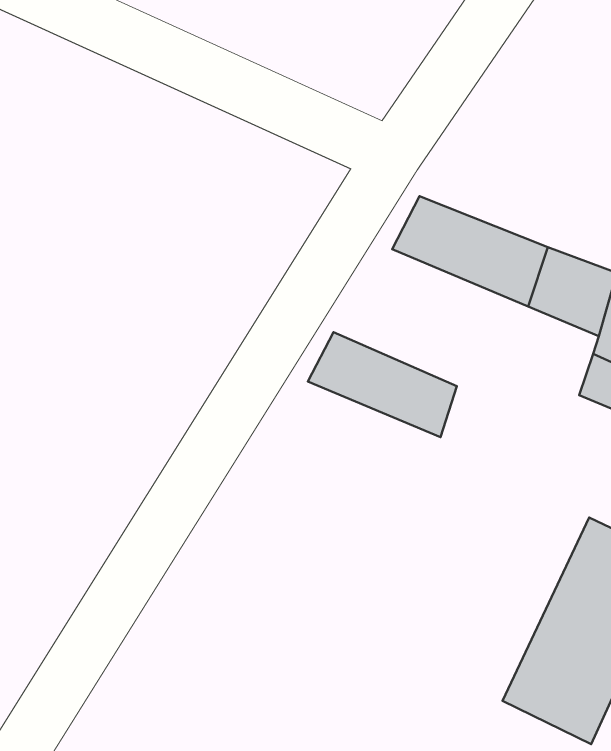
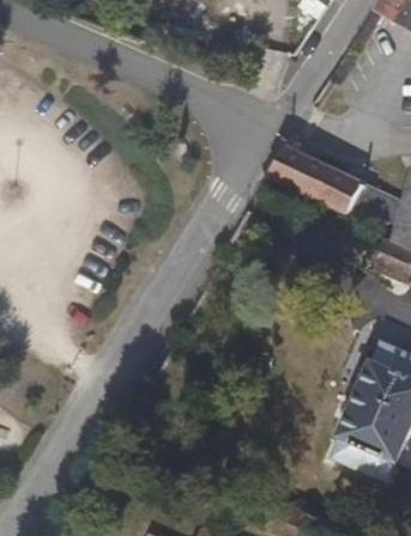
building: [308,332,457,437] -> none

